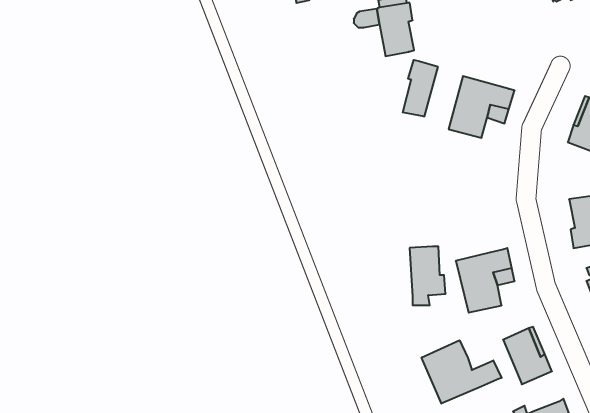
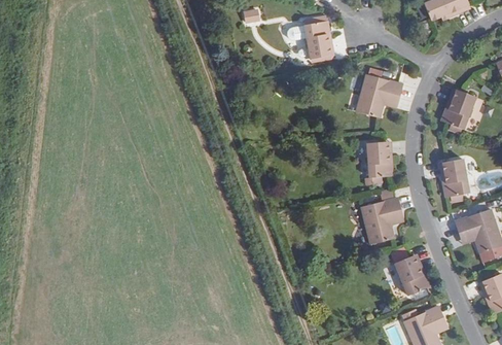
building: [403,60,438,117] -> none
building: [410,246,446,305] -> [367,141,393,183]
building: [422,340,502,404] -> none

